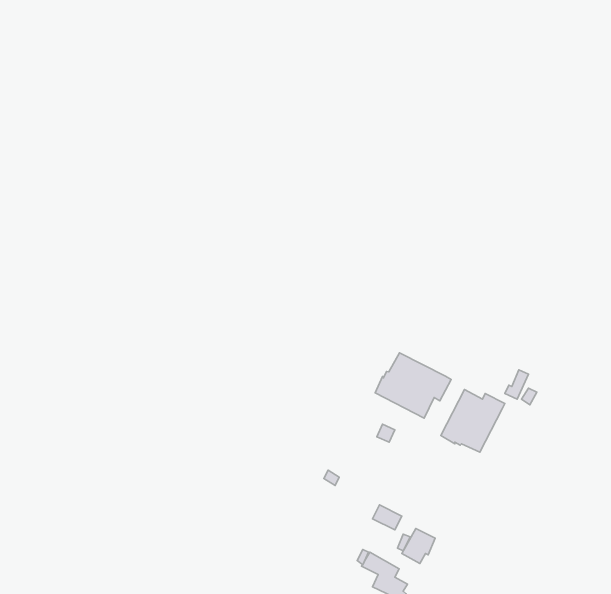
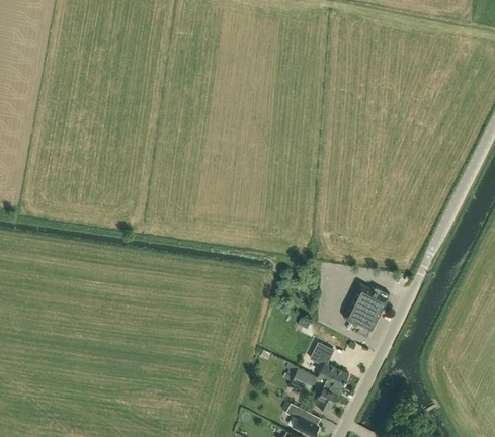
building: [375,353,451,418] -> none
building: none -> [310,343,349,394]

